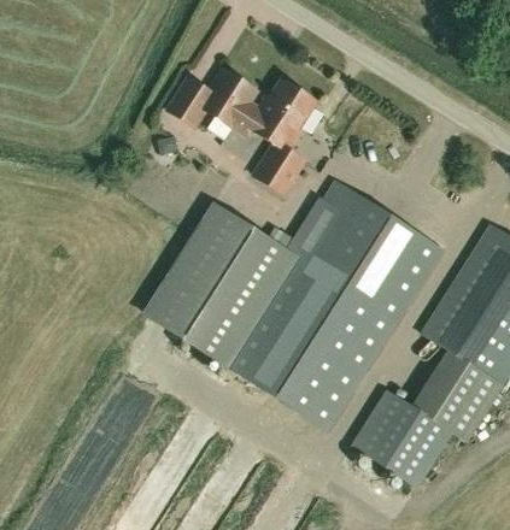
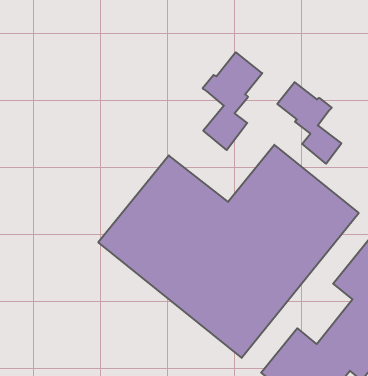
building: [168,69,259,135] -> none
building: none -> [277,82,341,164]

